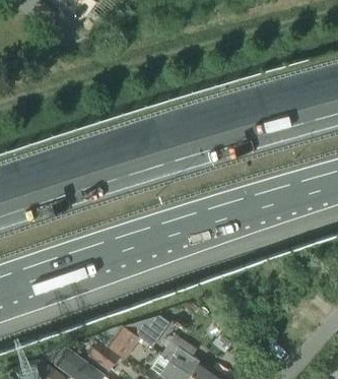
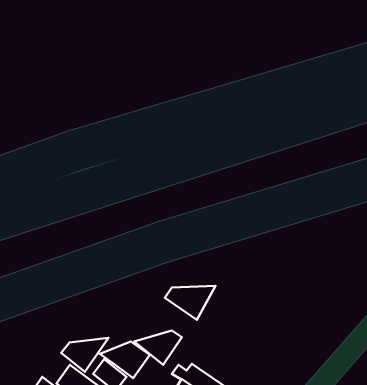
building: none -> [165,286,216,320]
building: none -> [61,338,109,372]

